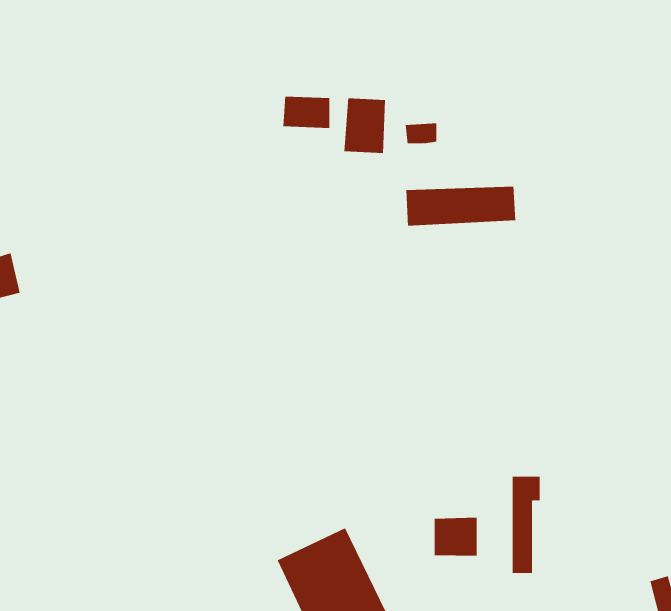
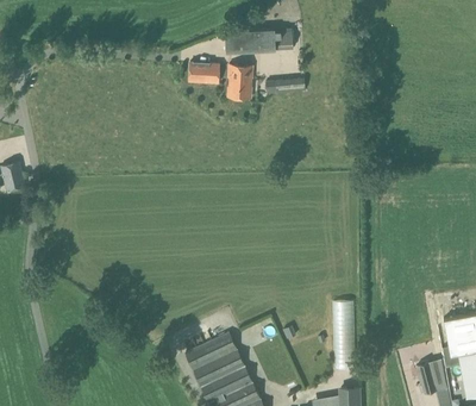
building: [405,186,516,226] -> [225,30,294,55]
building: [434,517,477,557] -> none

